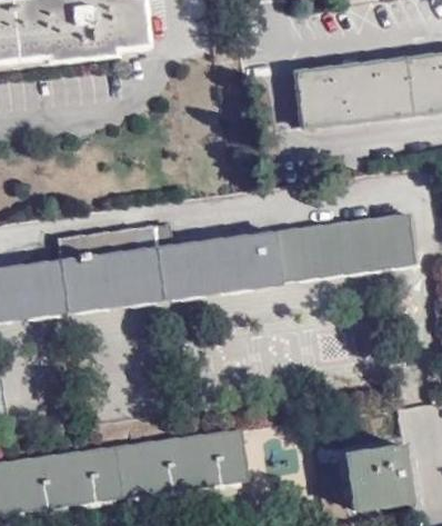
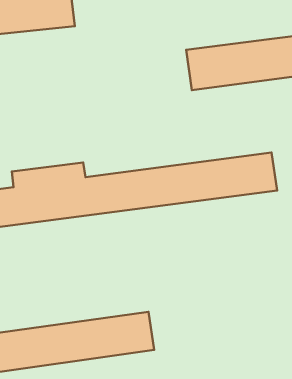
building: [346,445,412,509] -> none

